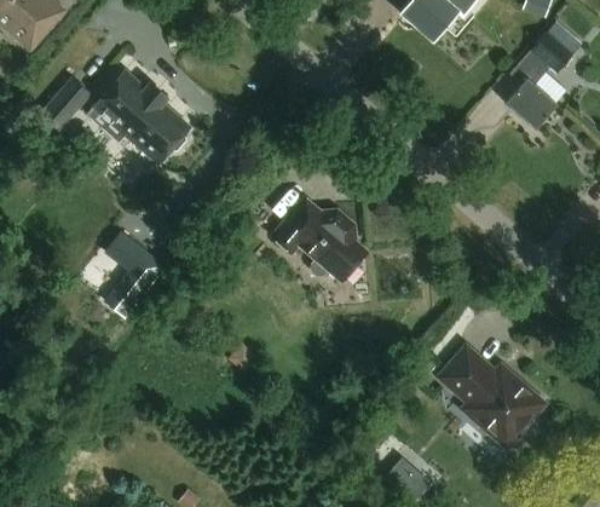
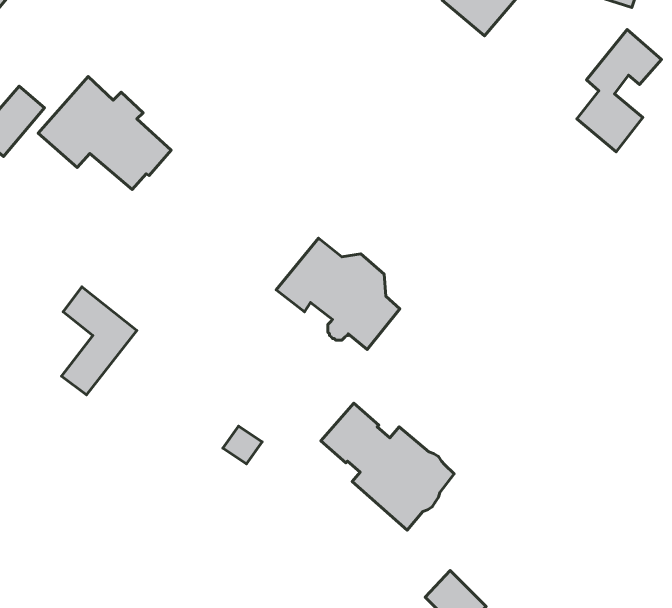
building: [440,350,543,448] -> [321,403,454,530]

